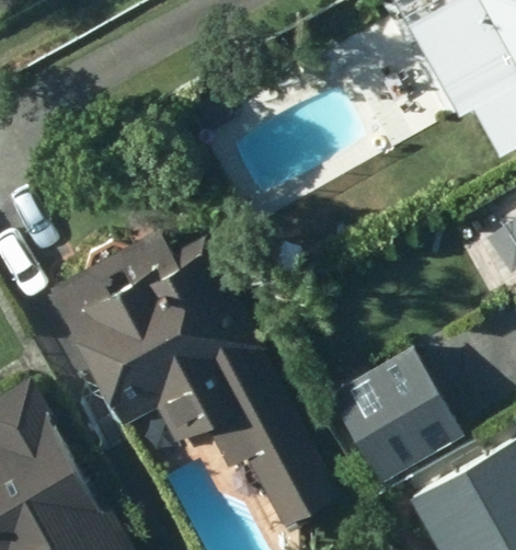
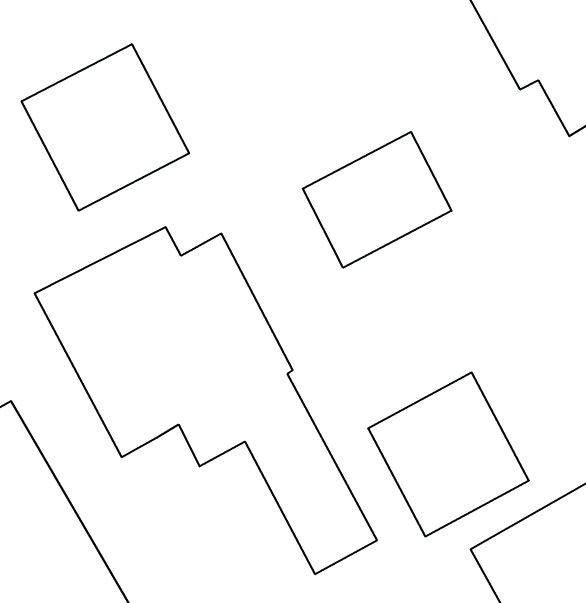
building: none -> [22,44,189,211]
building: none -> [303,132,452,268]

